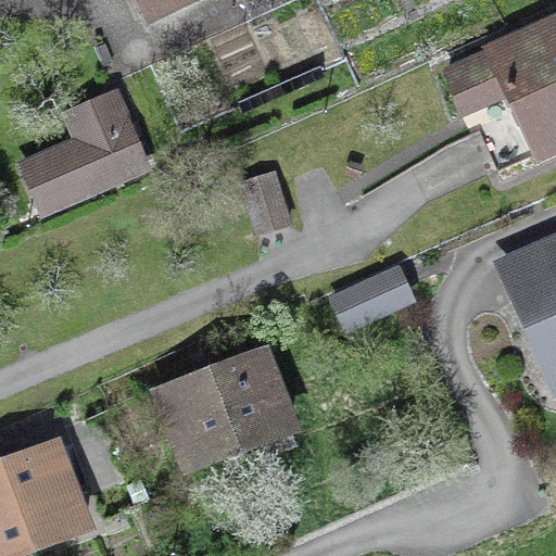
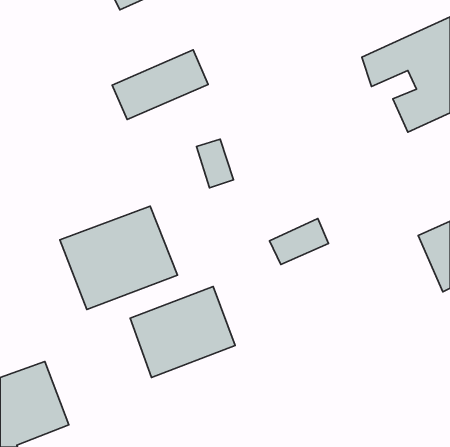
building: [24,122,142,207] -> [112,50,208,120]
building: none -> [60,206,178,310]

